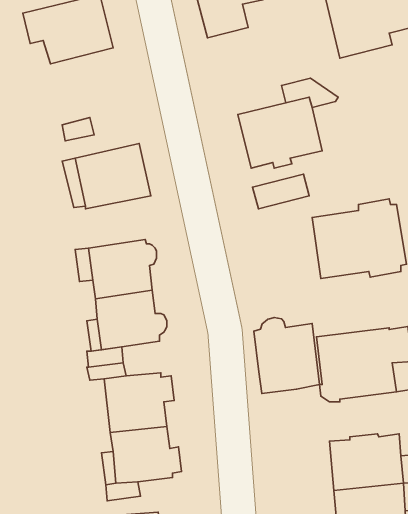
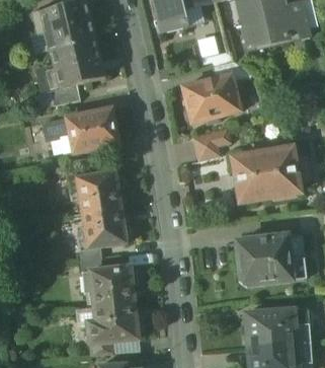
building: none -> [51,40,104,89]
building: [254,317,319,394] -> none

